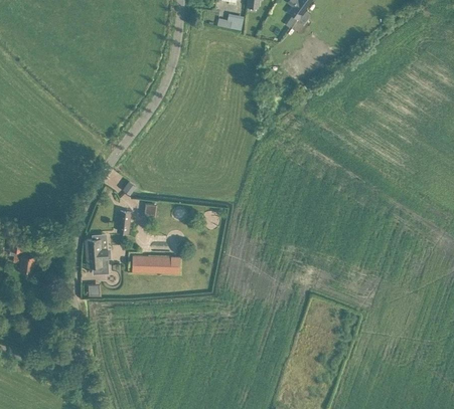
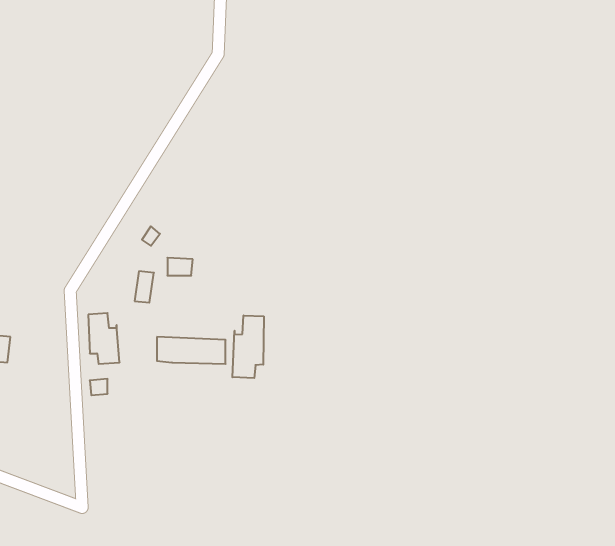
building: none -> [232,315,264,378]

